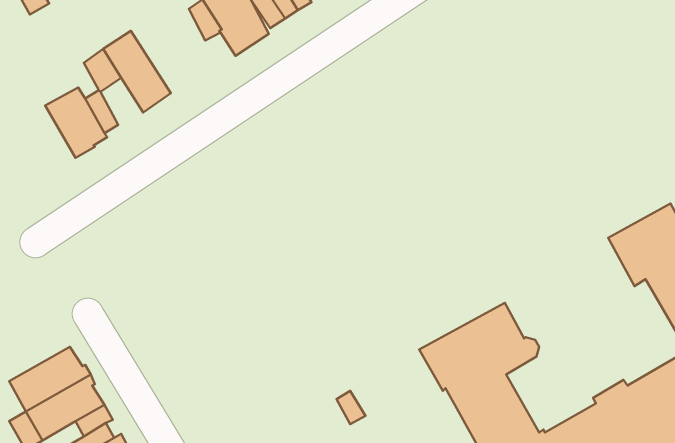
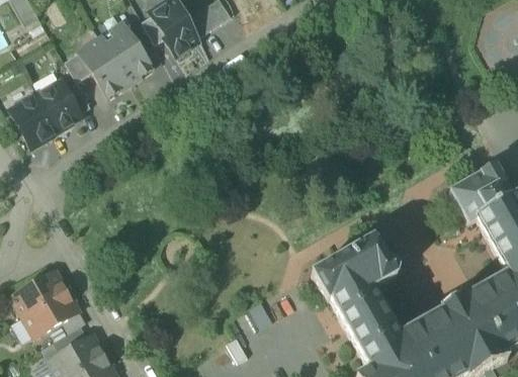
building: none -> [99,21,153,82]
building: none -> [9,91,59,147]

